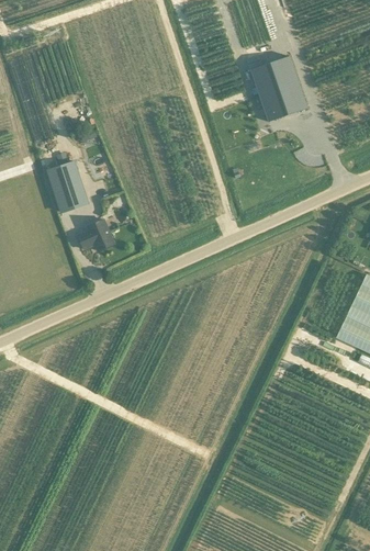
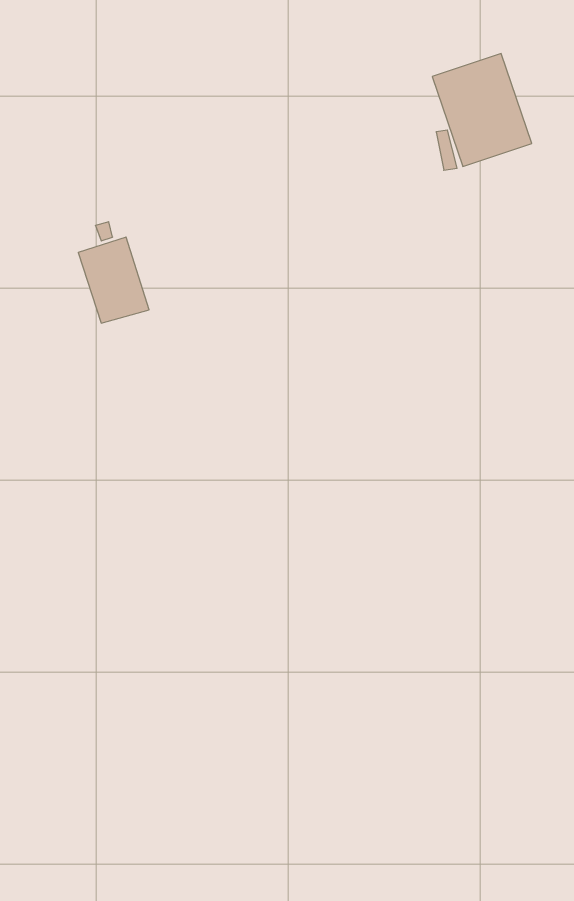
building: [78,218,113,250] -> none

